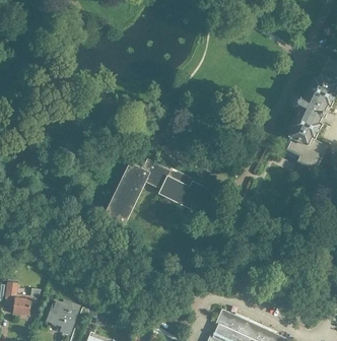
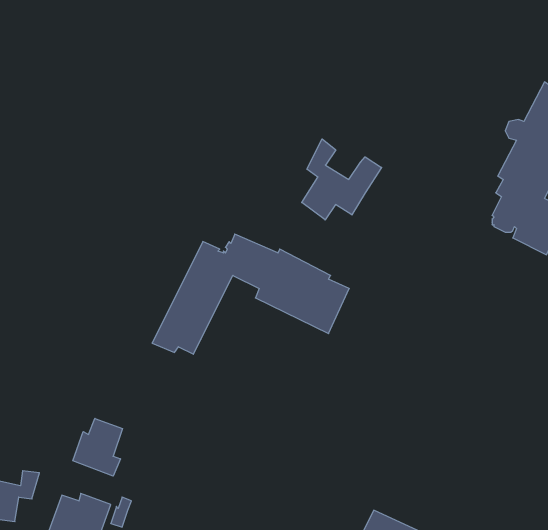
building: none -> [302,139,382,220]
building: none -> [73,418,123,476]

